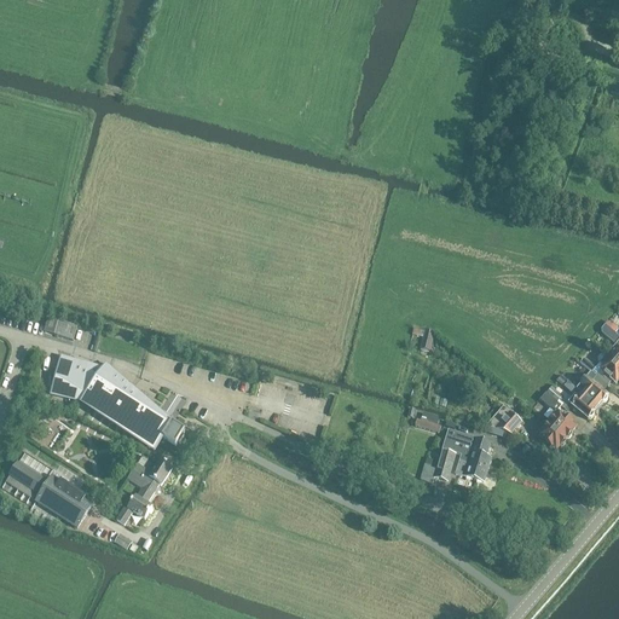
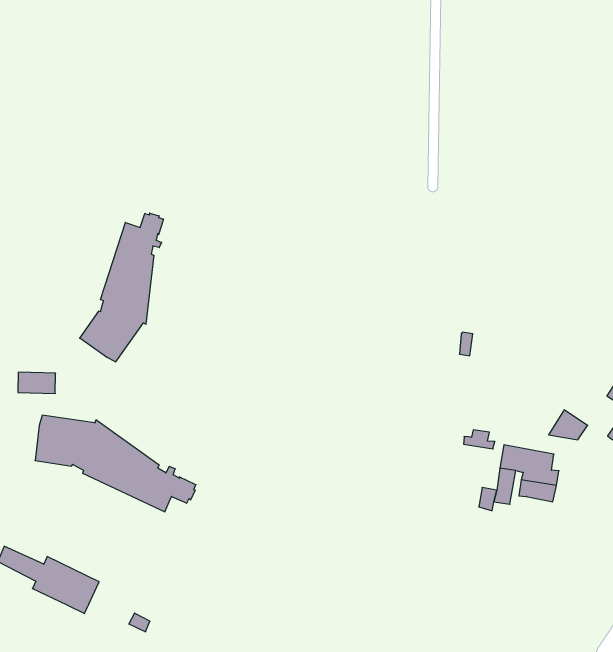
building: none -> [80,213,163,362]
building: [116,458,172,523] -> none

